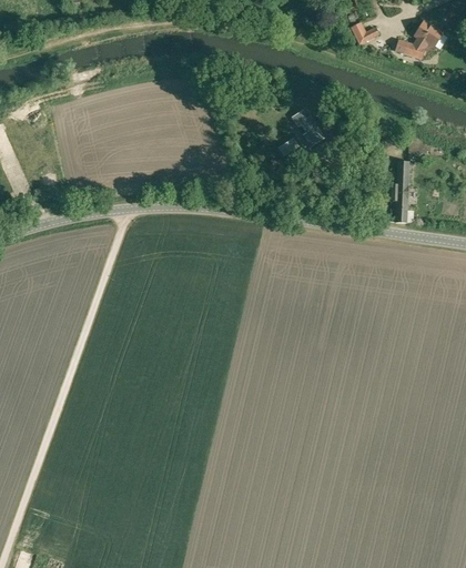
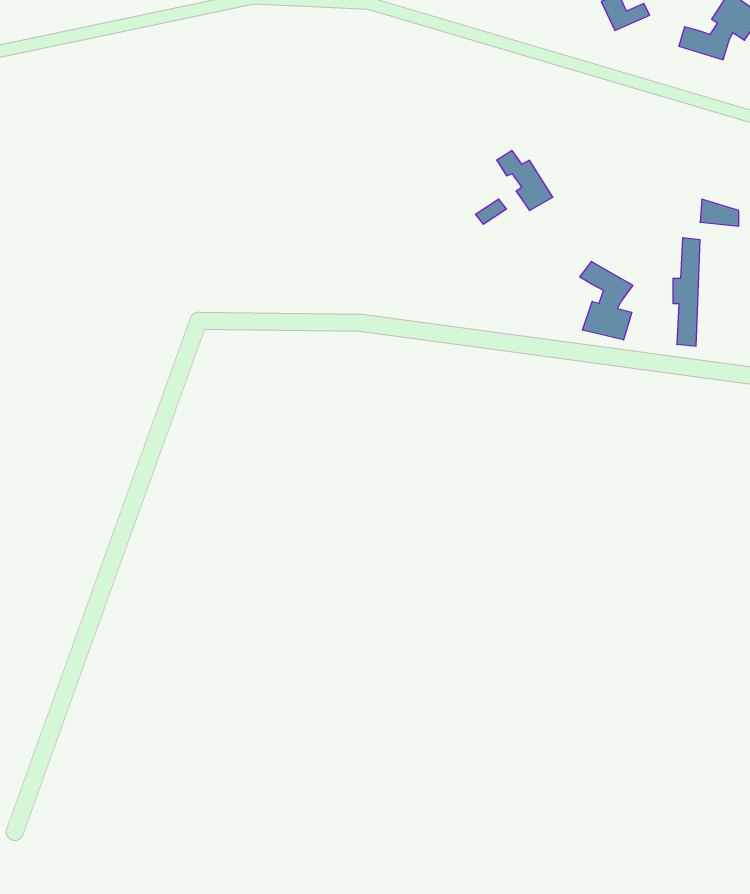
building: none -> [580,261,633,340]

